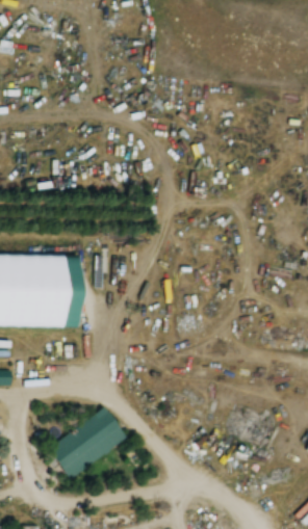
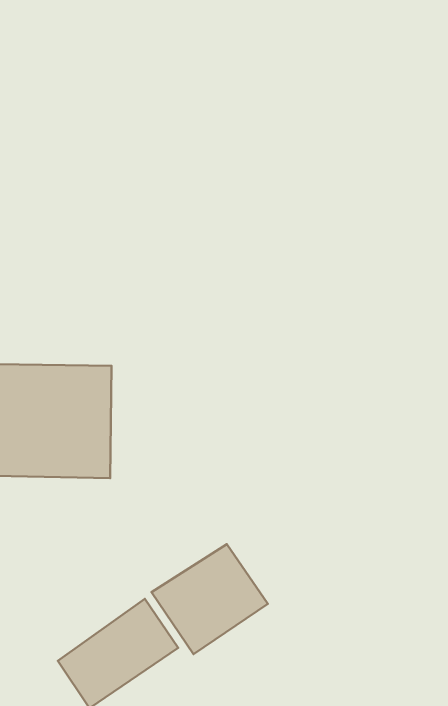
building: none -> [151,544,268,654]

